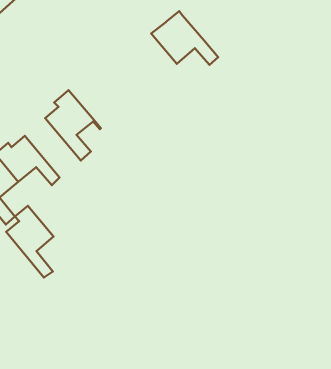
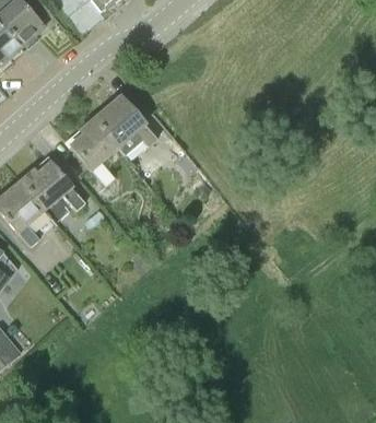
building: [151,11,218,65] -> [93,96,158,149]
building: [6,206,53,277] -> none

